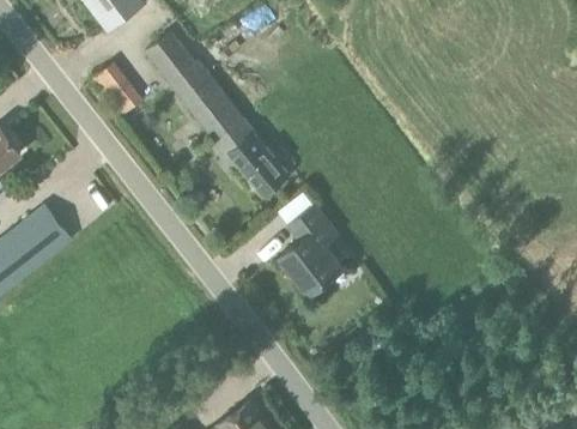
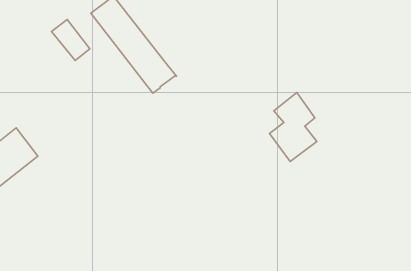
building: [235,134,288,195] -> none
building: [280,201,342,292] -> [269,93,317,162]

